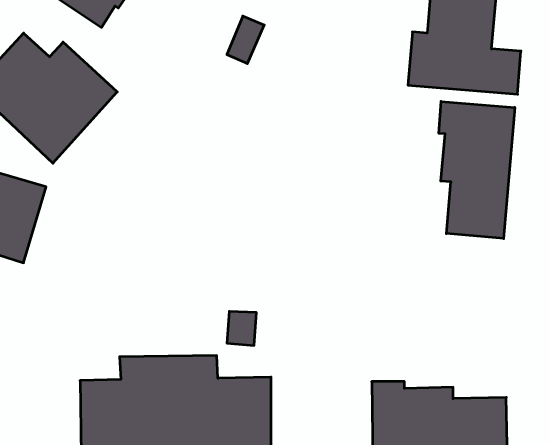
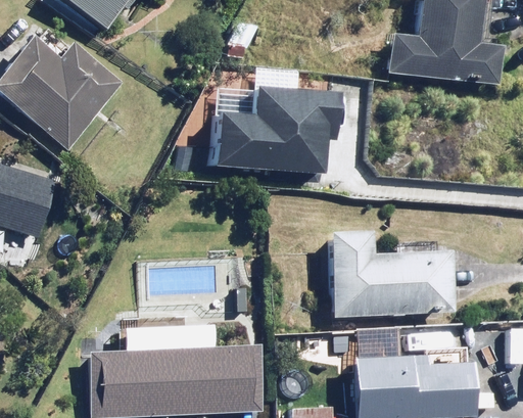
building: none -> [210,86,336,172]
building: [439,101,515,239] -> none
building: none -> [332,231,455,316]

